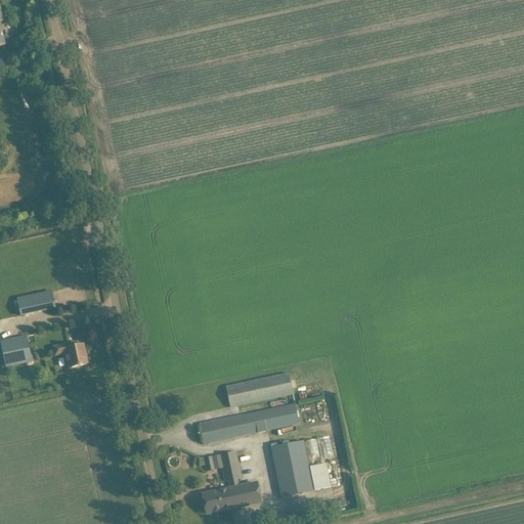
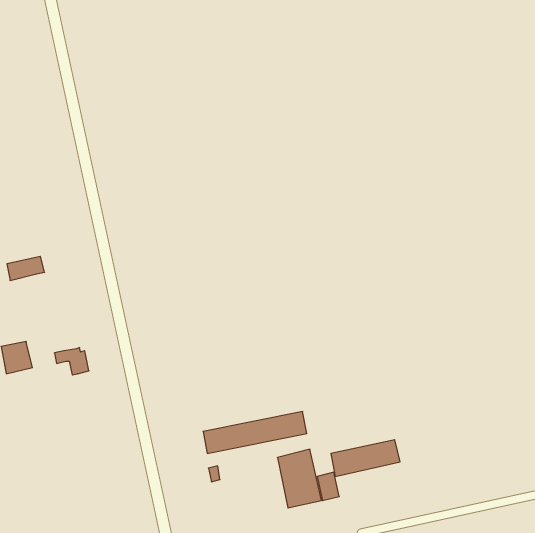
building: [18,291,55,314] -> [7,256,45,281]
building: [226,372,294,407] -> [331,440,400,476]
building: [203,450,261,513] -> none

